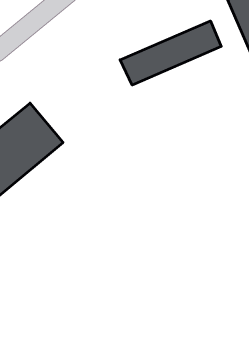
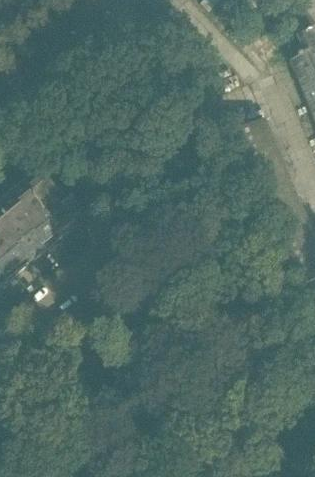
building: [120,21,221,85] -> none

